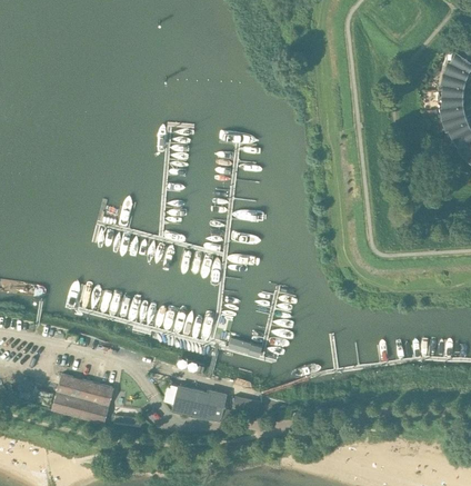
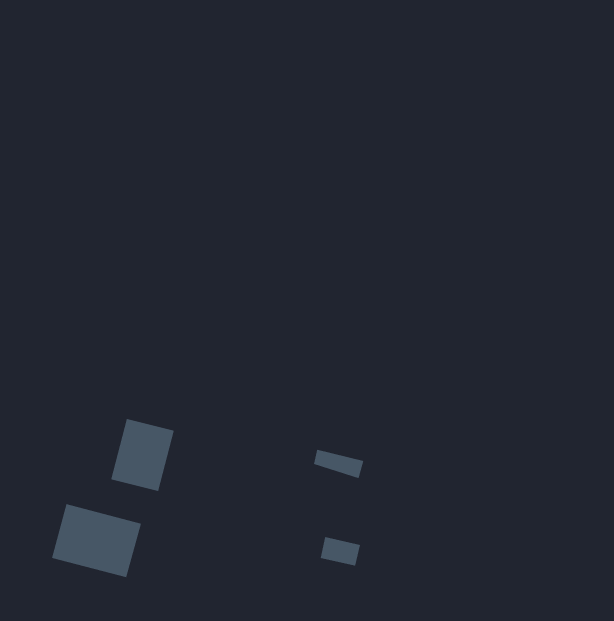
building: none -> [110,418,175,492]
building: [173,388,227,420] -> none

